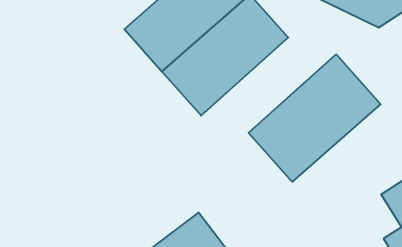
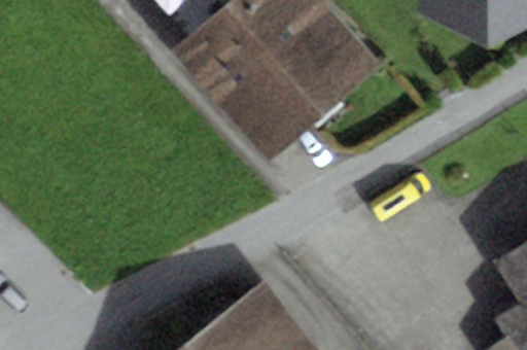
building: [249,54,381,182] -> none

